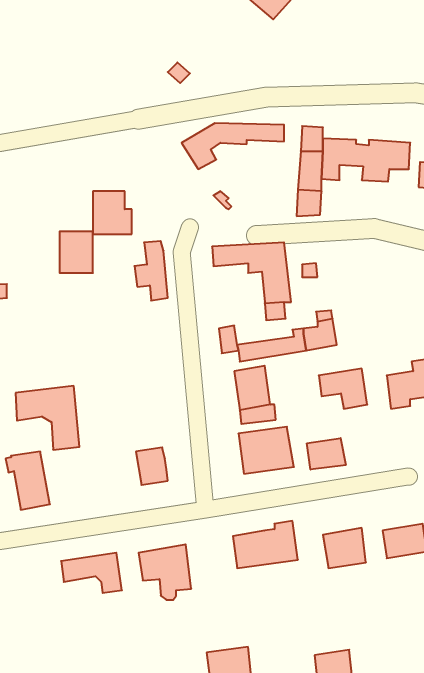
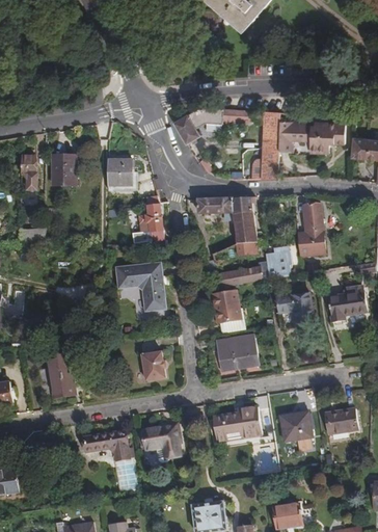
building: [60,231,93,273] -> [51,155,76,186]
building: none -> [296,203,324,257]
building: [16,386,79,450] -> [116,263,164,311]
building: [307,438,346,470] -> none

